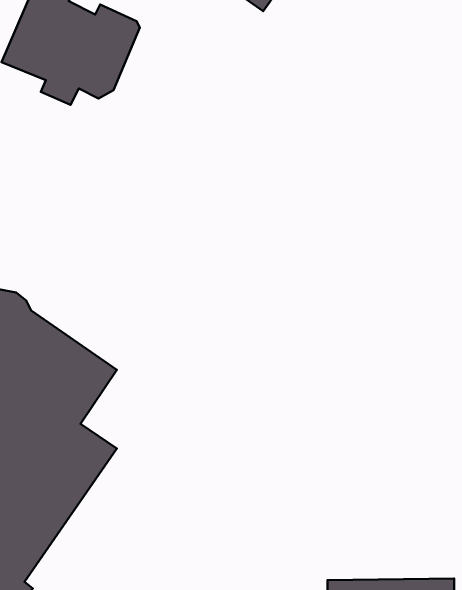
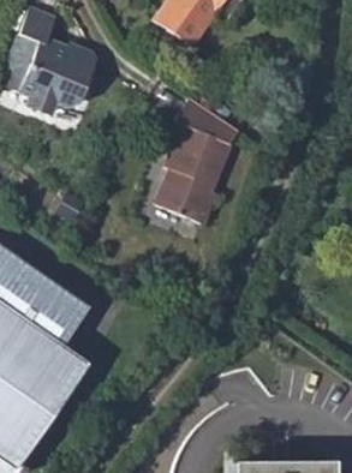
building: none -> [155,96,239,223]

